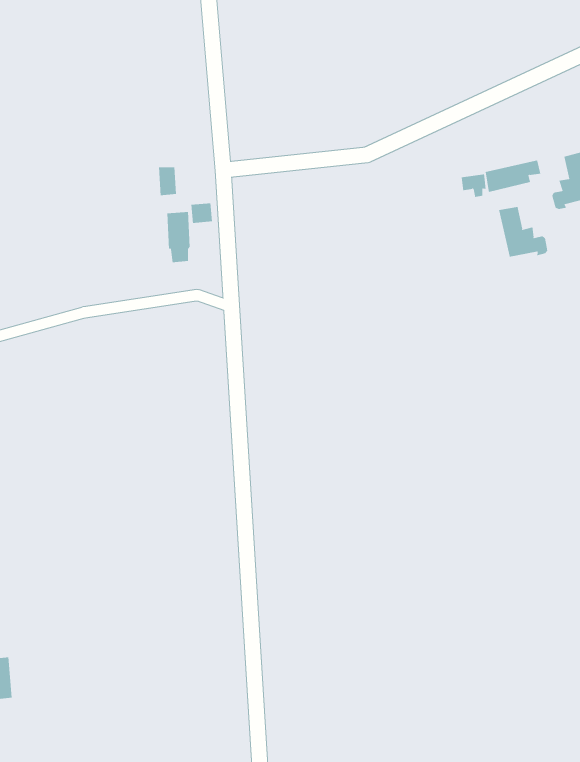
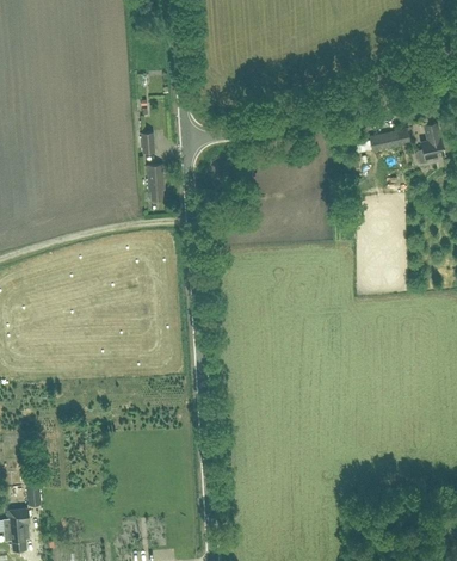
building: [499,206,548,258] -> none

